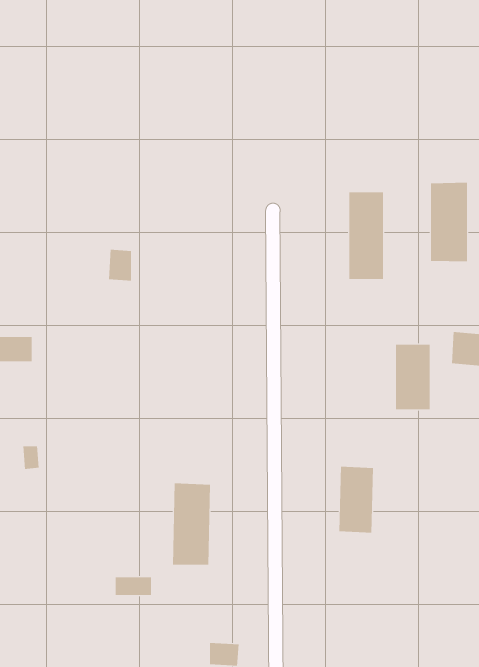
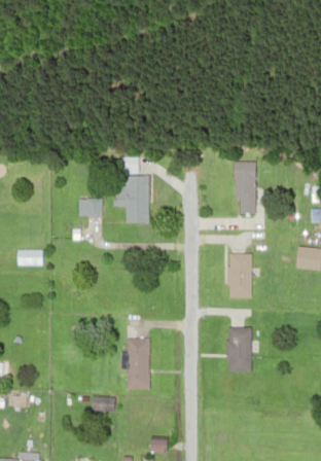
building: [430,182,467,262] -> none
building: none -> [124,177,149,221]
building: [395,344,430,410] -> [229,255,251,295]

